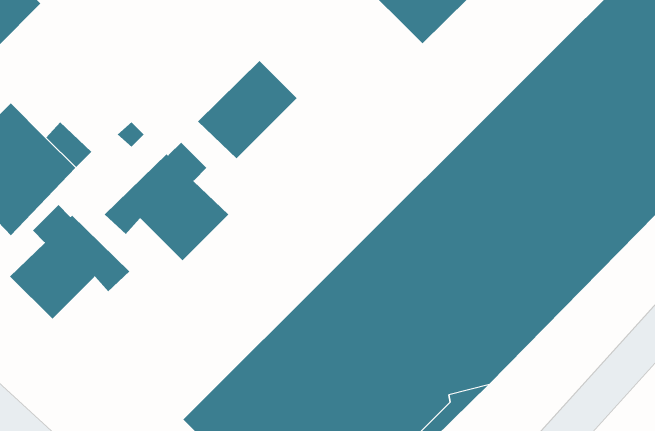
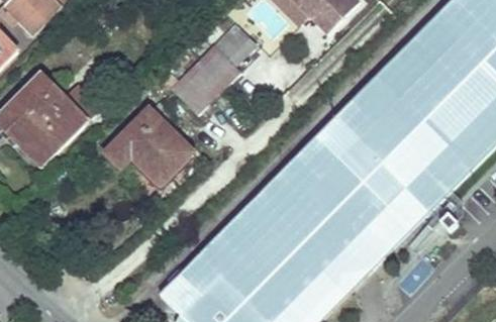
building: none -> [213,26,254,66]
building: [9,204,130,320] -> none

